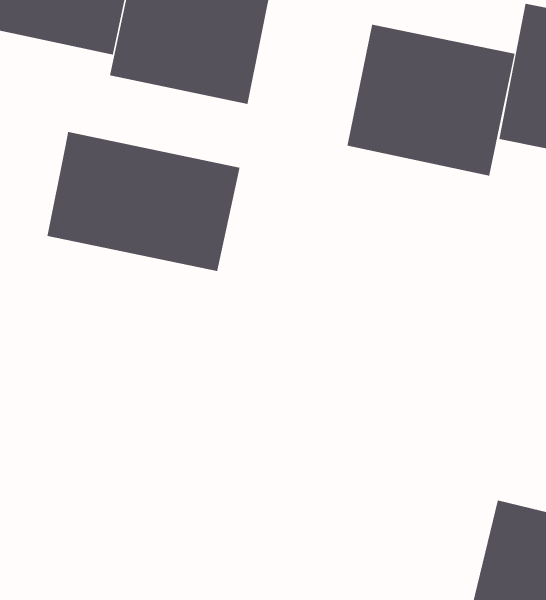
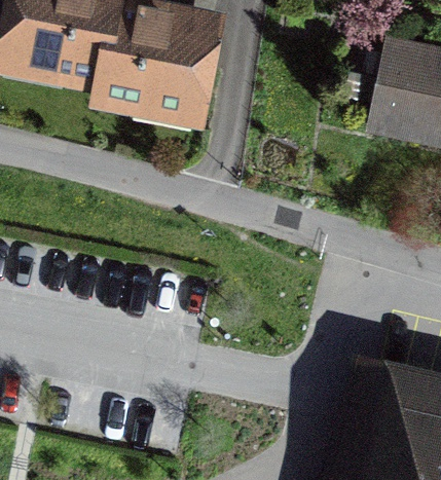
building: [347,24,515,177] -> none
building: [47,131,240,272] -> none

